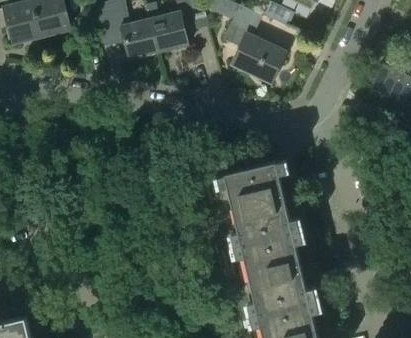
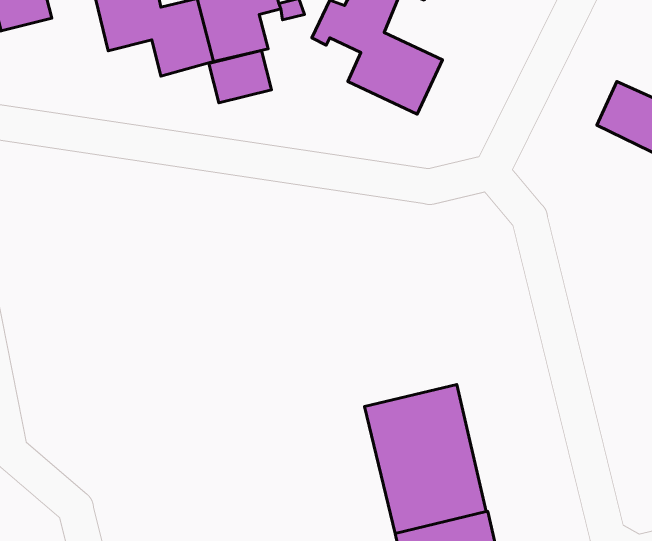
building: none -> [209,50,272,103]
building: [224,162,292,244] -> none

